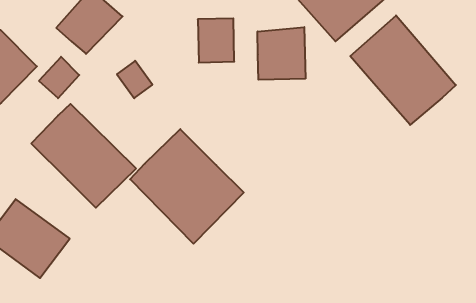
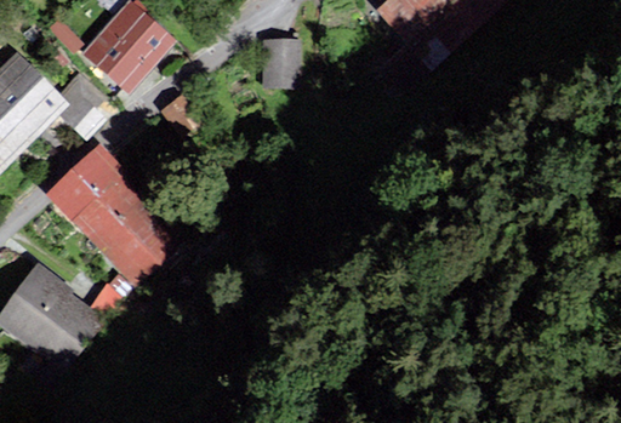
building: [350,15,456,125] -> none
building: [258,27,305,80] -> none
building: [130,129,244,244] -> none

